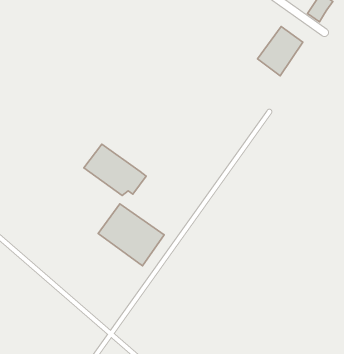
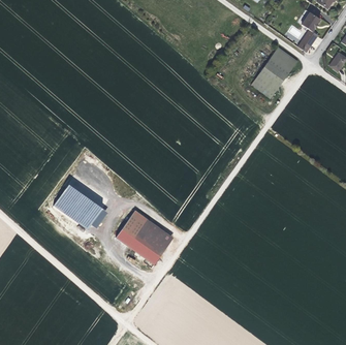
building: [84,144,146,195] -> [54,183,107,227]

